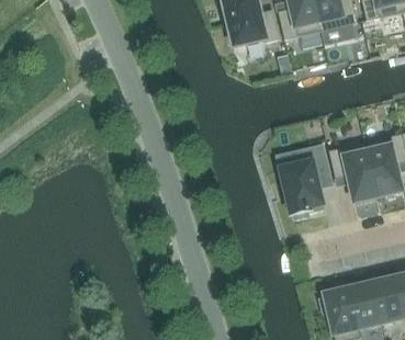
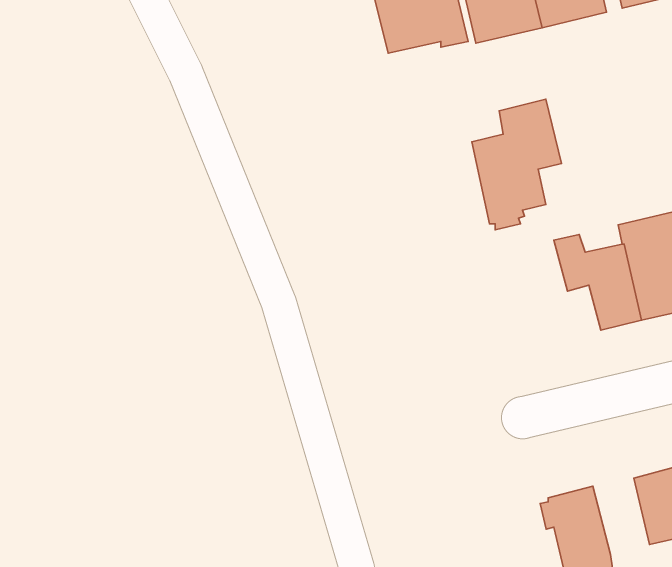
building: [280,145,330,218] -> [472,99,562,230]
building: [349,284,381,327] -> none

